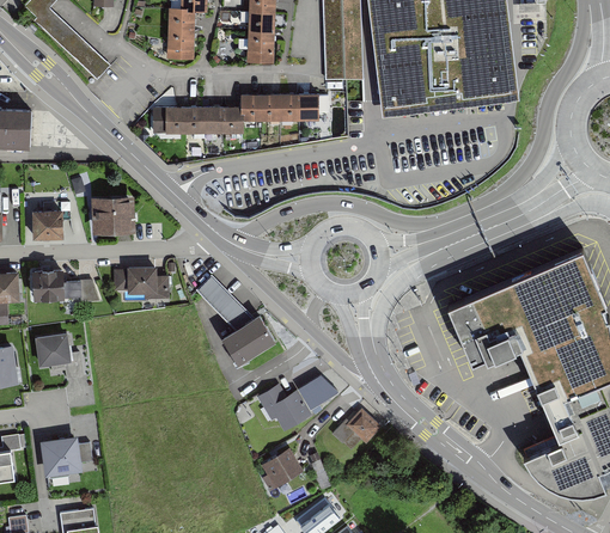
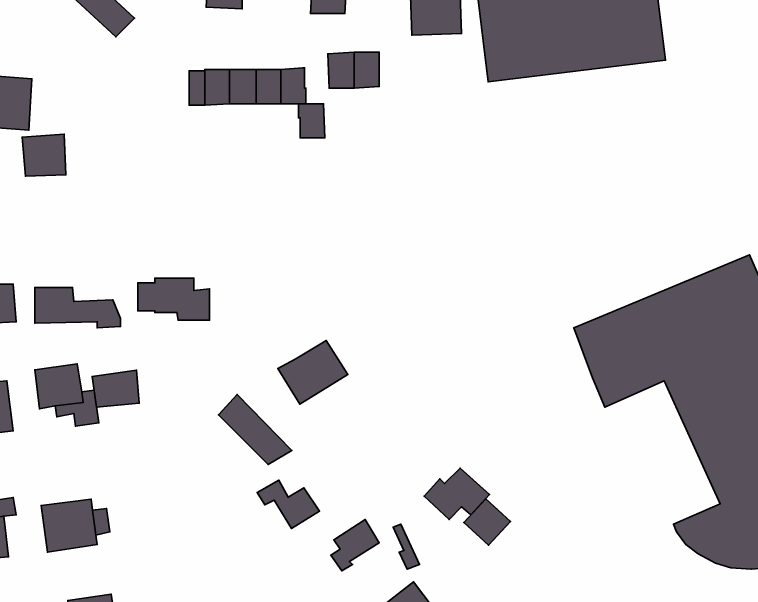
building: [299,93,319,120] -> none
building: [240,94,261,121] -> [298,104,325,138]
building: [93,200,135,235] -> none
building: [32,212,66,244] -> [22,134,66,176]
building: [196,275,252,329] -> [218,394,292,465]
building: none -> [92,370,139,407]
building: [298,376,337,410] -> none
building: [258,390,306,427] -> [257,480,319,528]
building: none -> [464,499,510,545]

